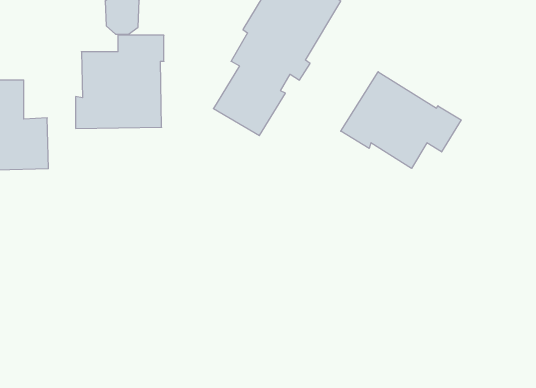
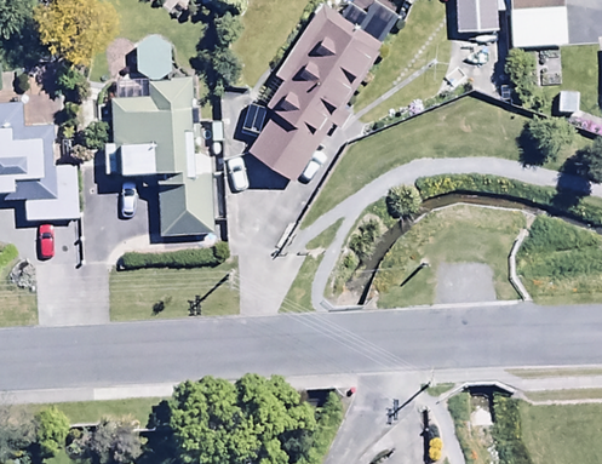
building: [341,72,461,168] -> none
building: none -> [159,182,214,236]

